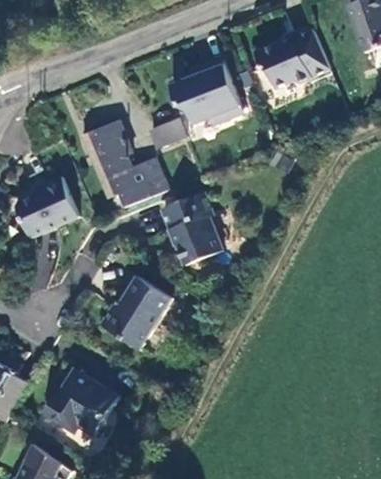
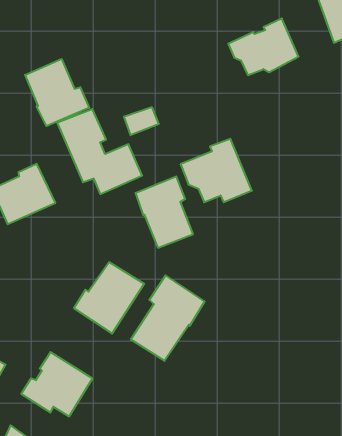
building: [170,58,243,123] -> [181,139,252,202]
building: none -> [25,59,89,126]
building: none -> [131,275,205,361]

